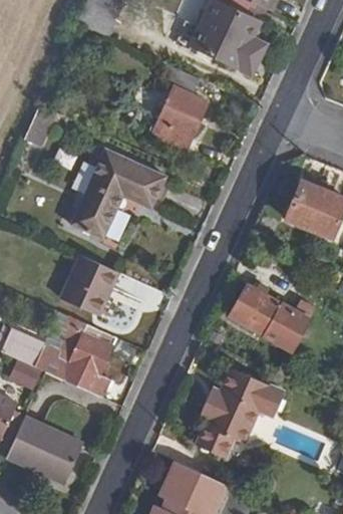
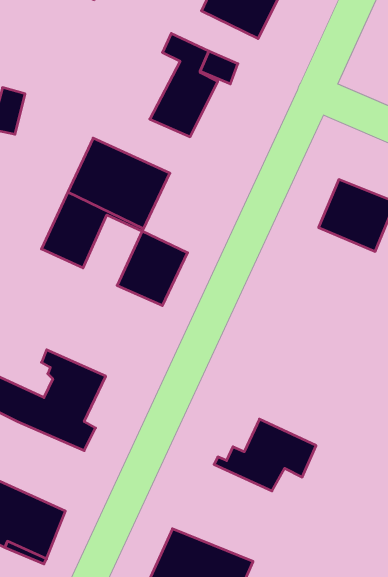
building: [62,254,118,313] -> [117,231,188,306]
building: [230,284,322,359] -> none
building: [194,407,249,457] -> none

